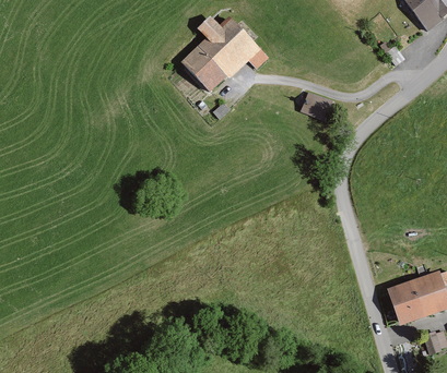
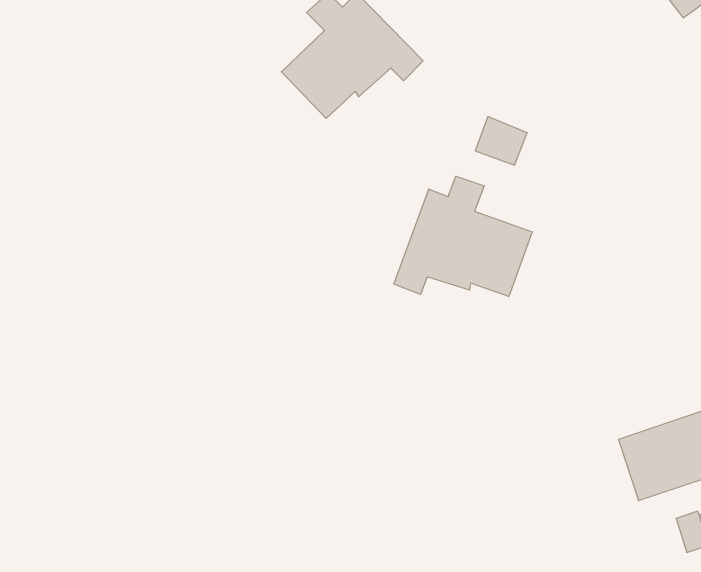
building: none -> [394,176,532,297]

